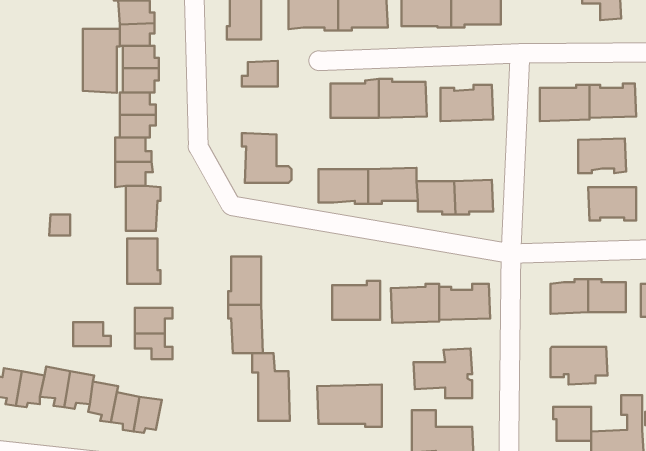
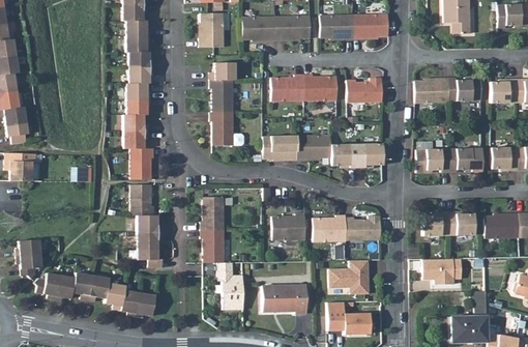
building: [83,29,120,93] -> none
building: none -> [210,80,234,113]
building: [578,138,626,173] -> [416,149,449,173]
building: [73,322,111,346] -> [137,215,163,232]
building: [553,407,591,441] -> none

